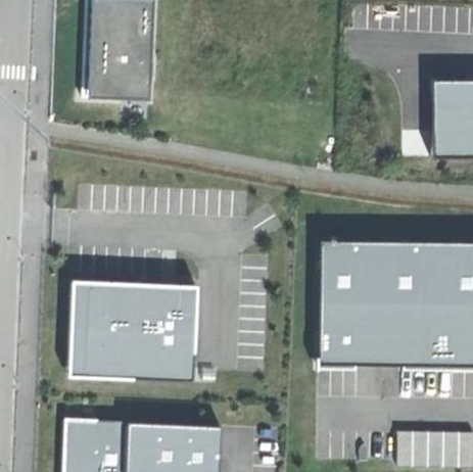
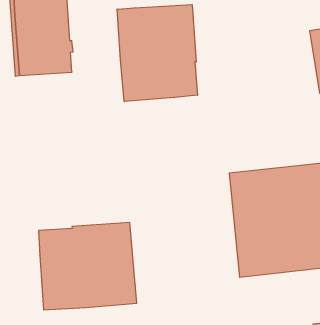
building: none -> [117,5,197,102]
building: [68,280,134,379] -> none

